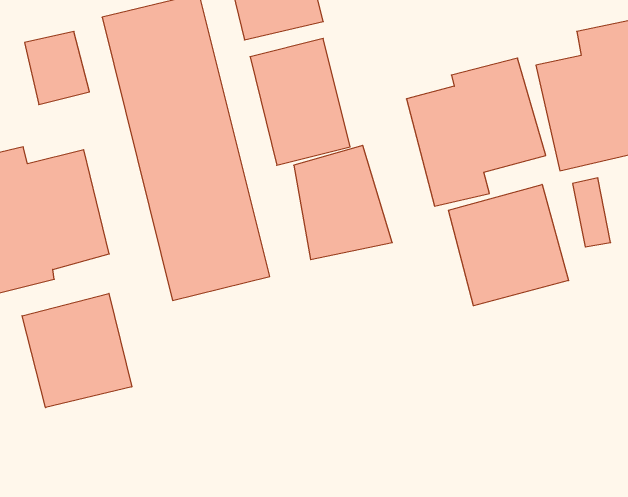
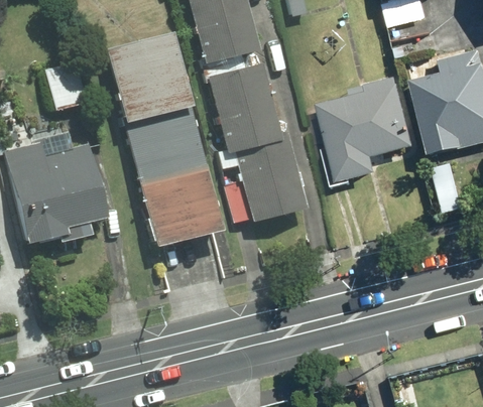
building: [449,184,569,306] -> none
building: [22,293,132,408] -> none

